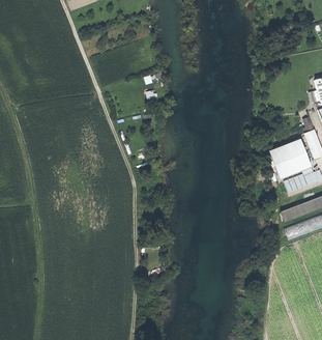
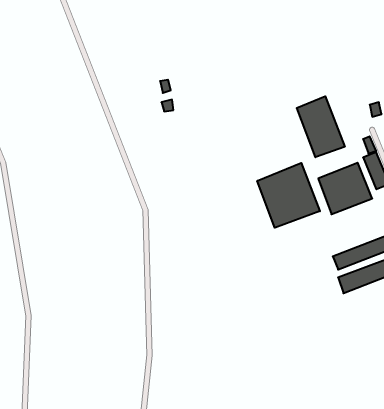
building: none -> [297,96,345,157]
building: none -> [257,163,320,228]

